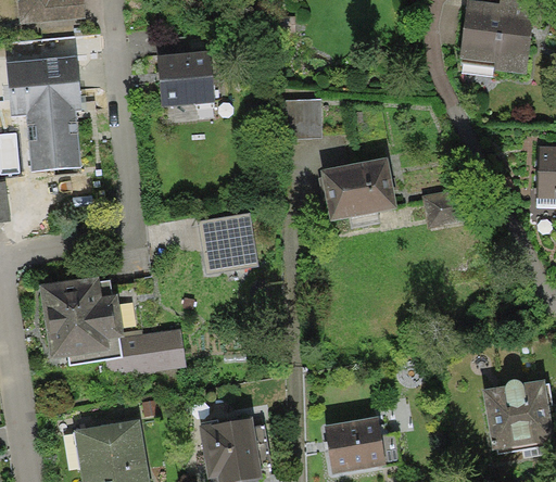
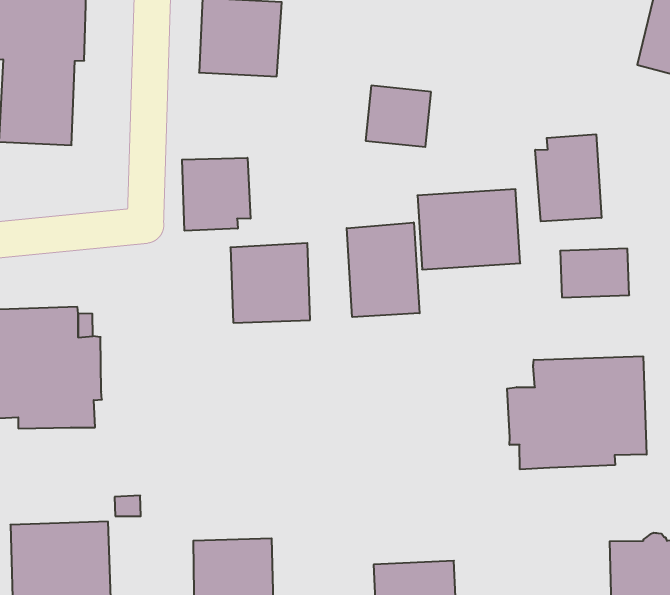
building: none -> [535,134,601,221]
building: none -> [182,158,250,231]
building: none -> [347,222,420,317]
building: none -> [507,356,647,469]
building: [105,328,186,377] -> none

